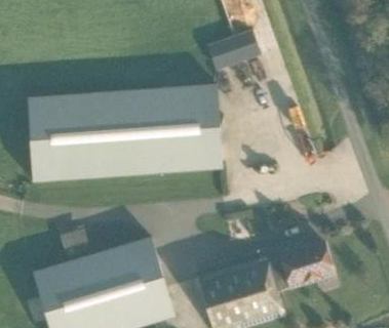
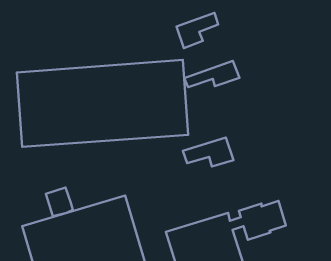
building: none -> [184,61,239,87]
building: none -> [183,137,234,167]

